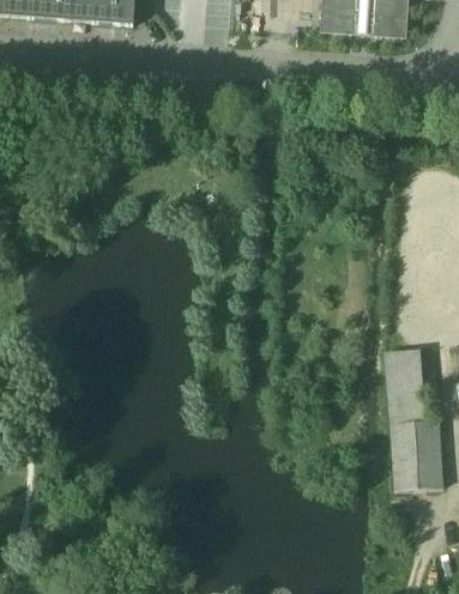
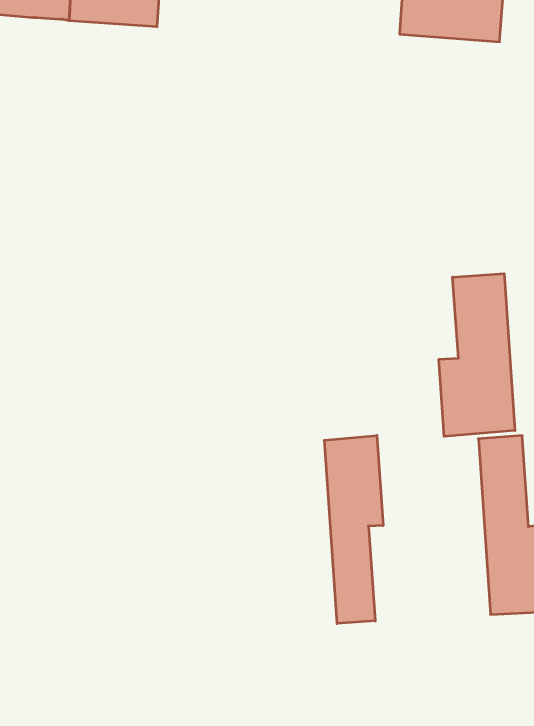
building: none -> [439,274,515,436]
building: none -> [324,435,383,624]

